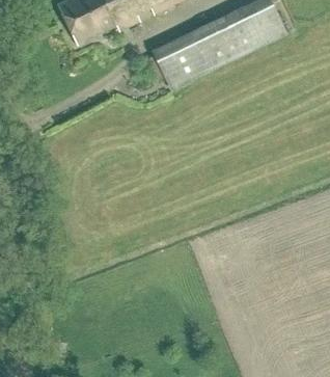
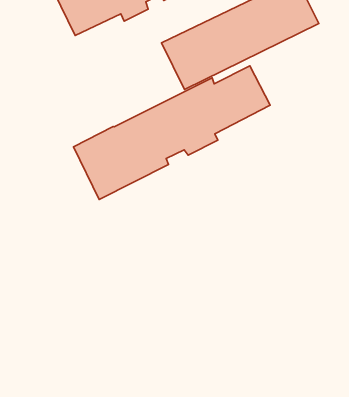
building: none -> [74,66,270,200]

